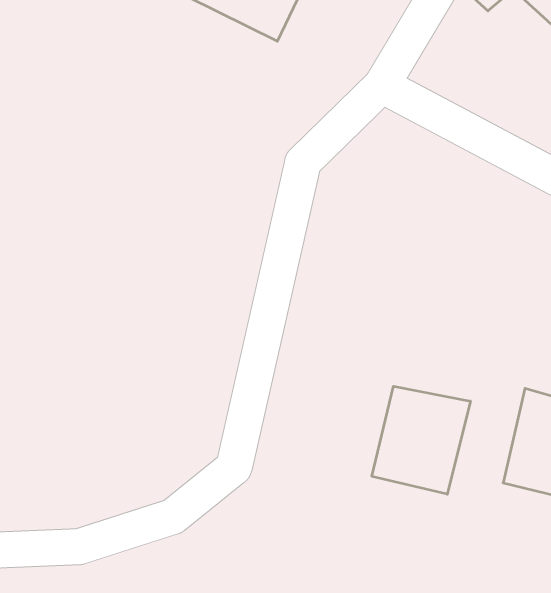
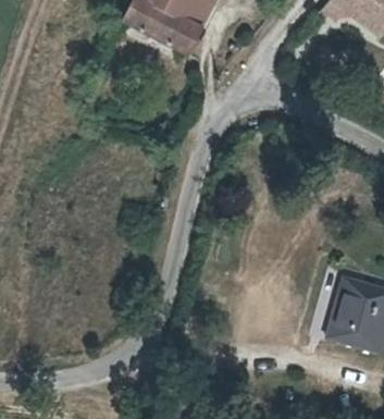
building: [372,386,470,494] -> none

